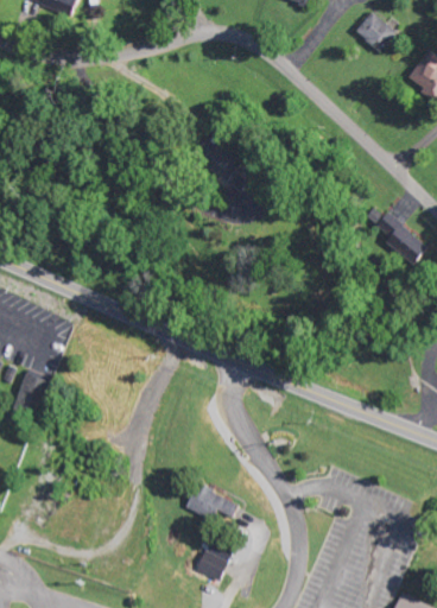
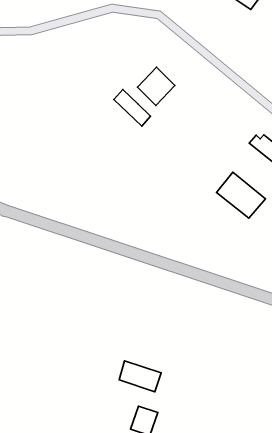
building: none -> [137,67,175,105]
building: none -> [217,172,266,218]

